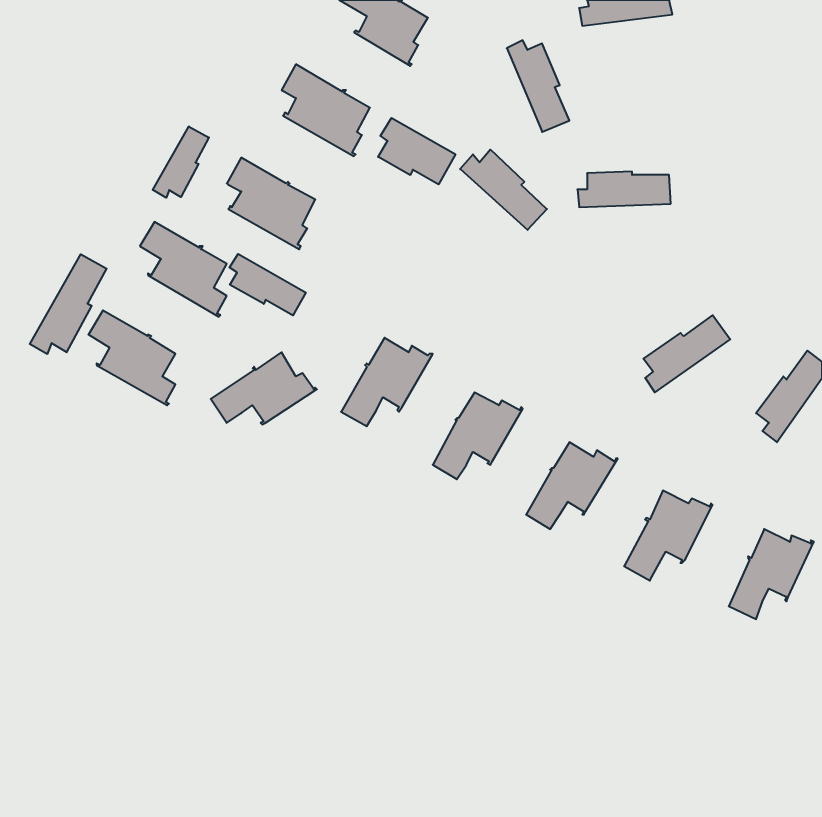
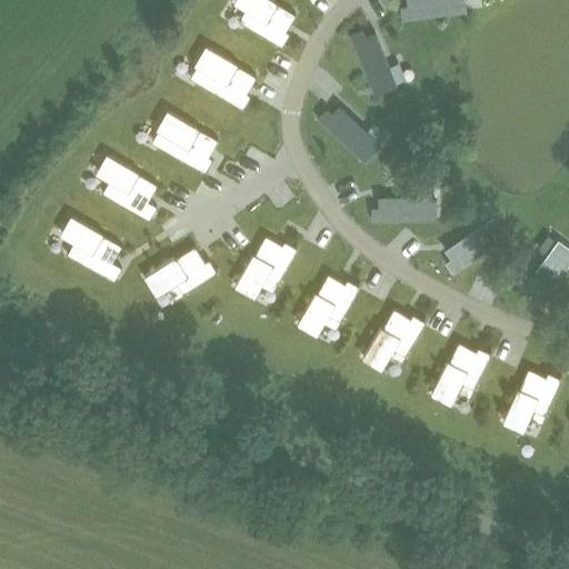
building: [378,118,455,184] -> none
building: [153,126,209,198] -> none
building: [577,172,671,207] -> [371,198,436,222]
building: [229,254,306,315] -> none
building: [30,254,107,354] -> none

